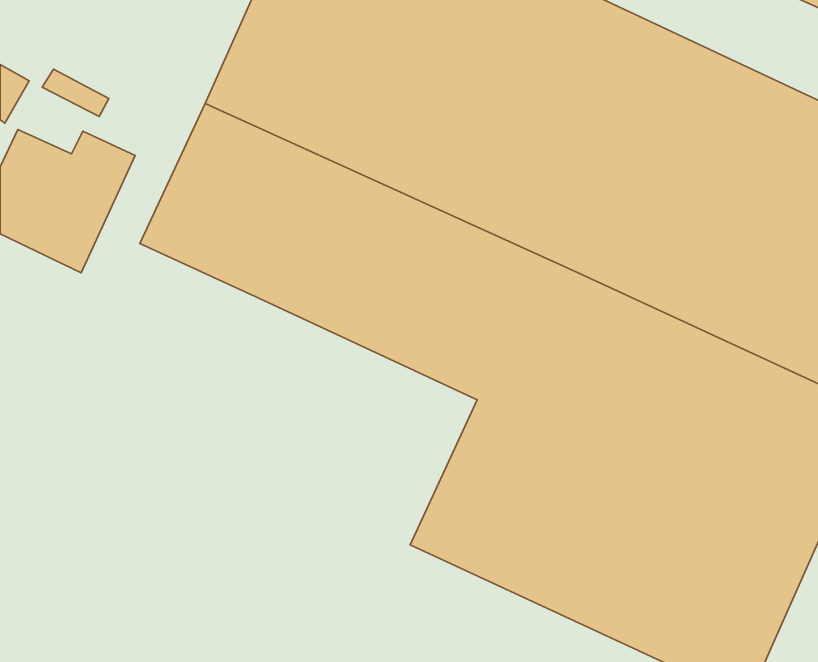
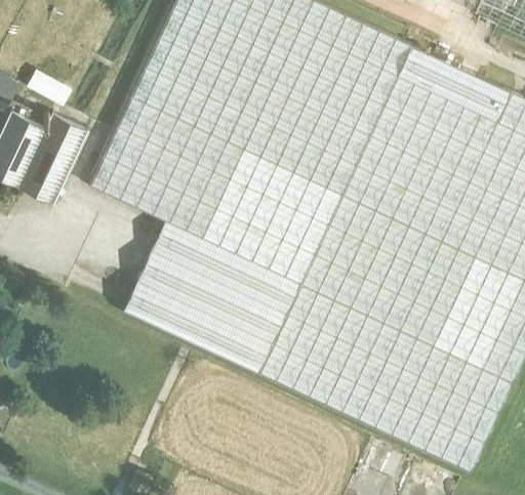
building: none -> [124,219,301,373]

